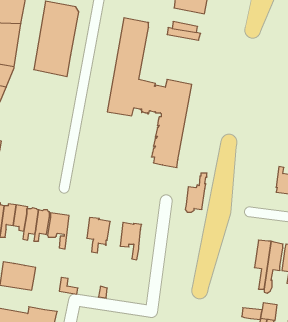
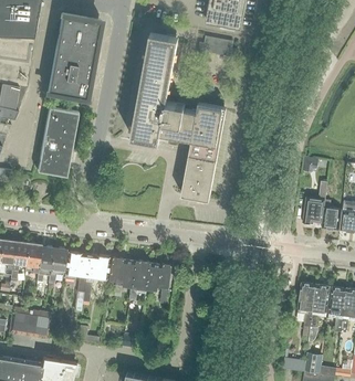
building: none -> [36,107,77,177]
building: [185,173,207,212] -> [302,182,326,226]
building: none -> [82,255,108,303]
building: none -> [127,261,148,300]

